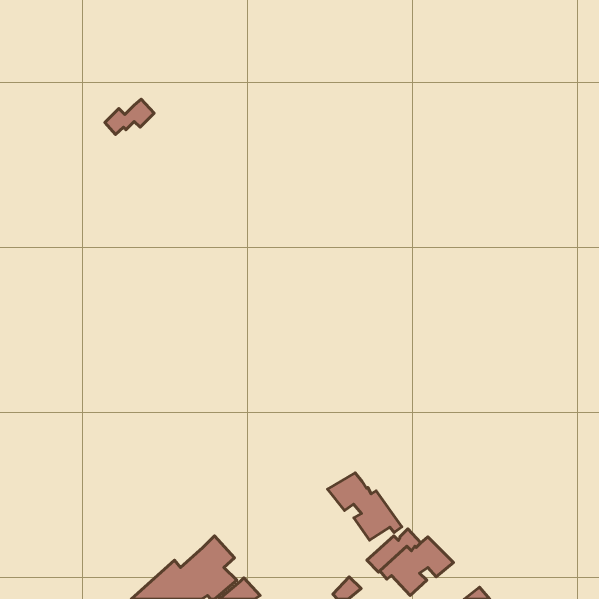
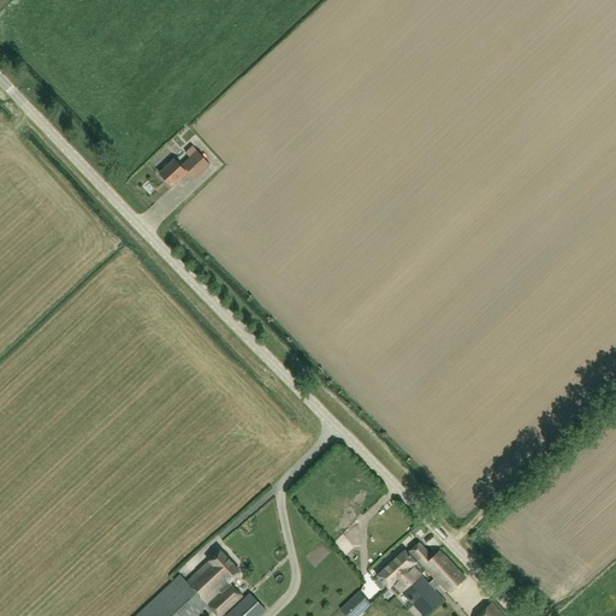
building: [105,99,154,134] -> [160,150,211,186]
building: [328,473,402,540] -> none

